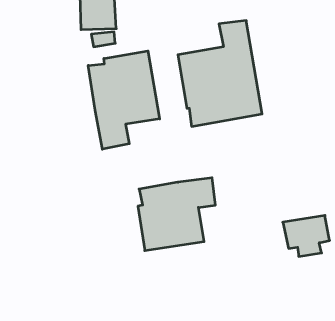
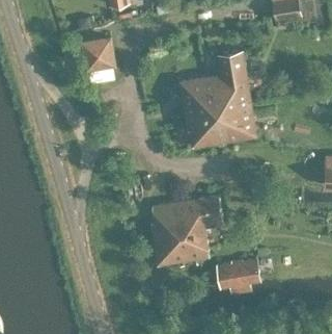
building: [88,51,160,149] -> none
building: [283,215,330,256] -> [217,261,259,299]

